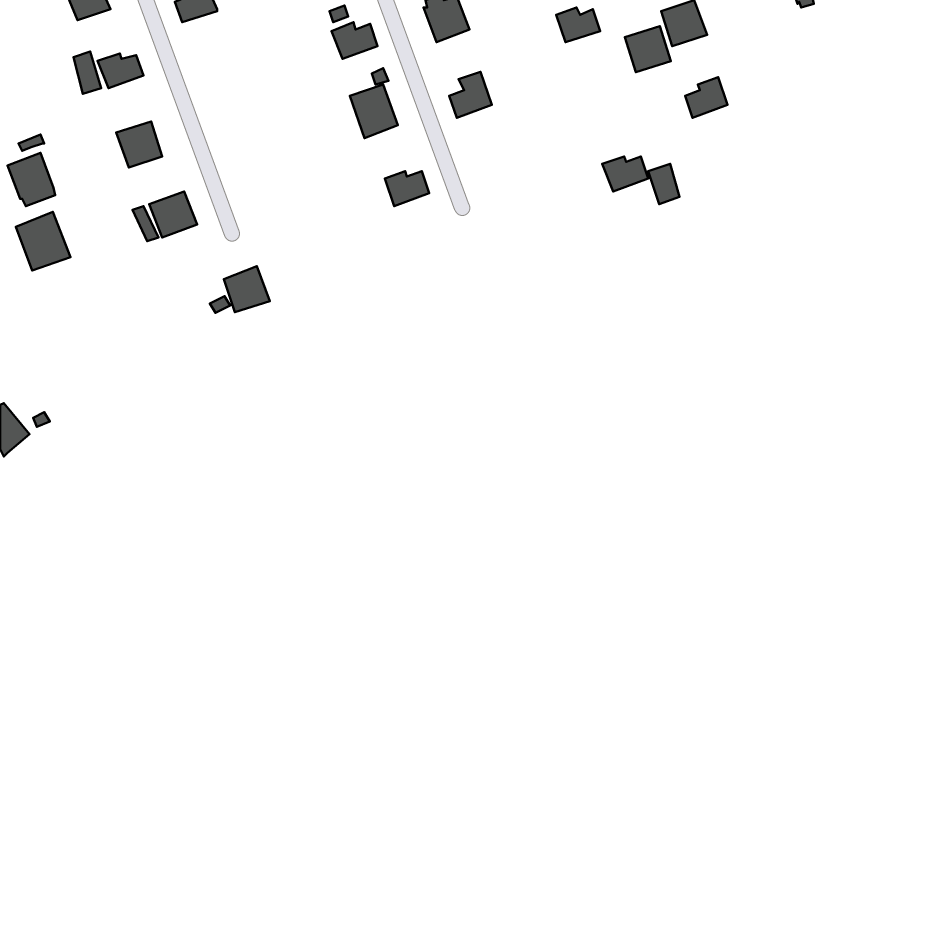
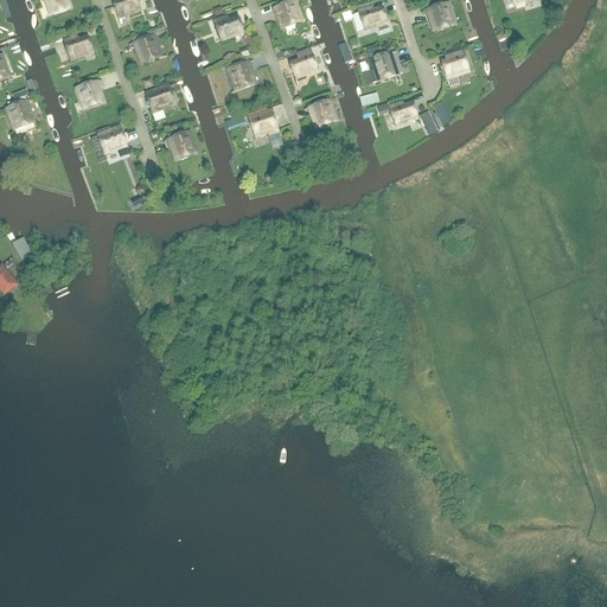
building: [625,26,671,72] -> [369,50,398,79]
building: none -> [133,32,161,62]
building: none -> [145,77,174,116]
building: none -> [307,97,337,127]
building: [16,212,71,271] -> none
building: [224,266,270,312] -> [167,129,197,159]

